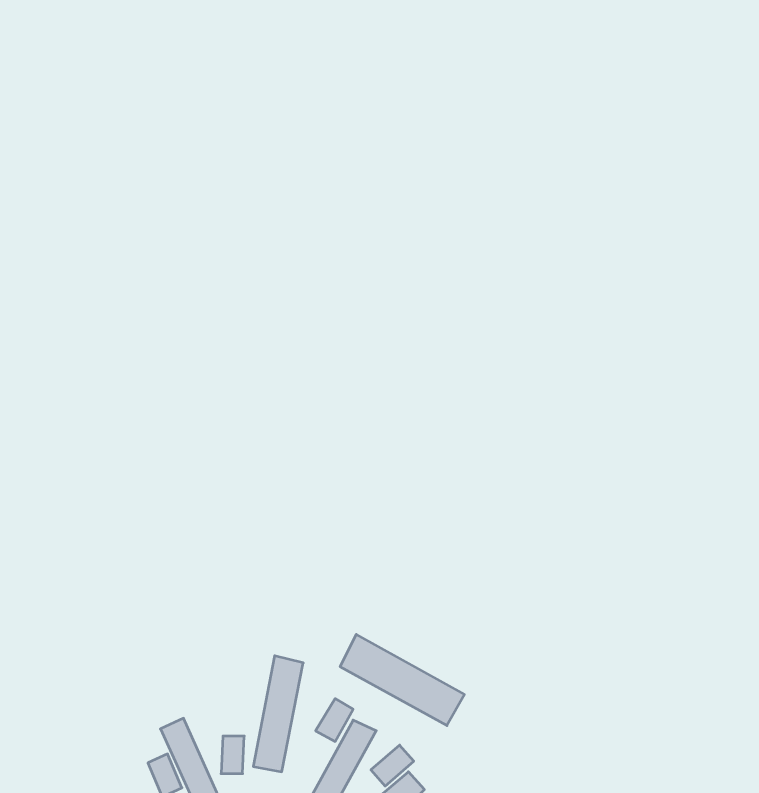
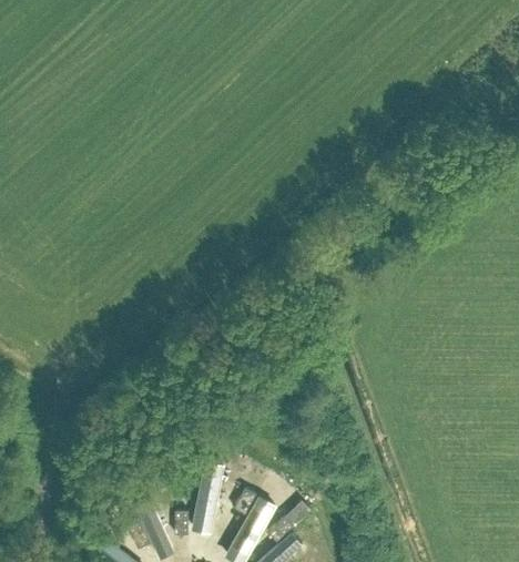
building: [340,634,464,726] -> none

